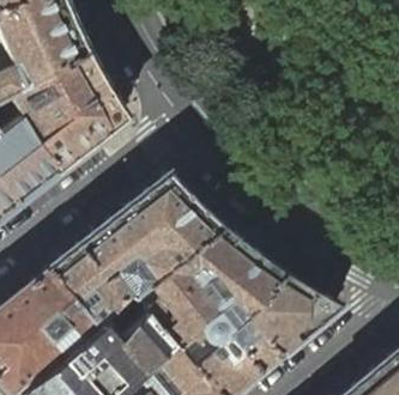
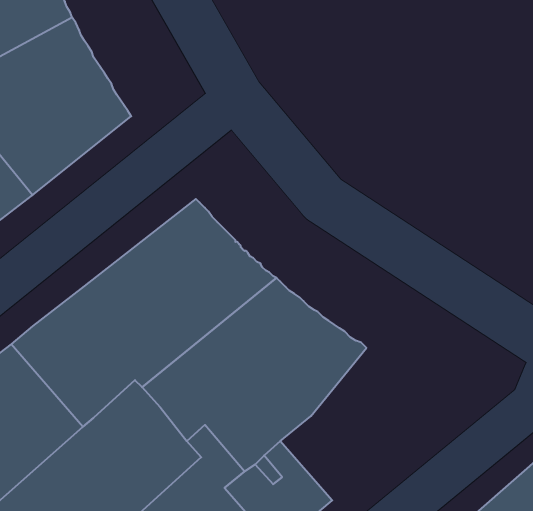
building: [228,272,343,373] -> none

